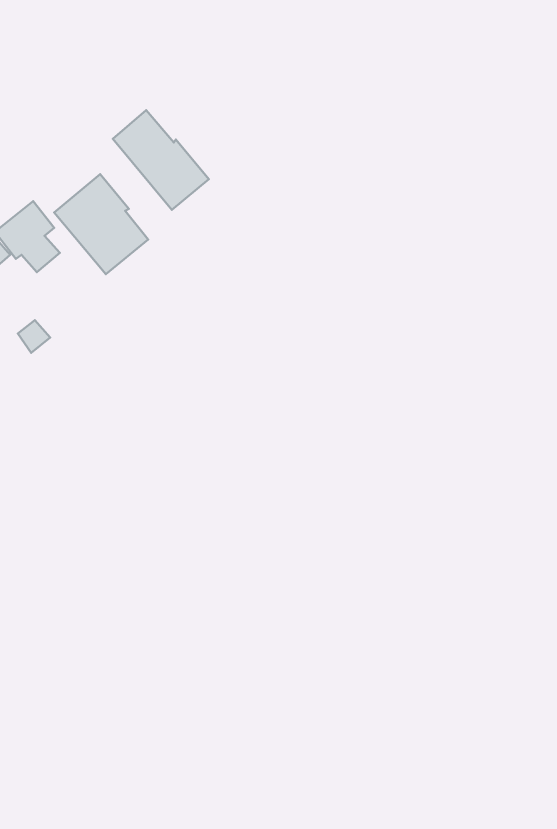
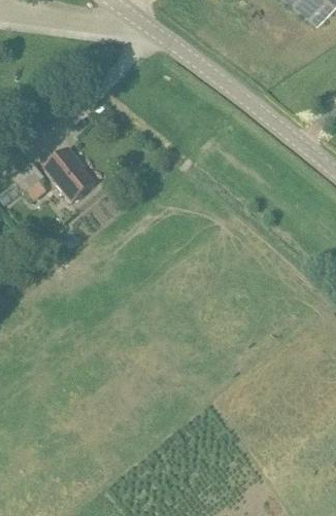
building: [113,110,209,210] -> none

